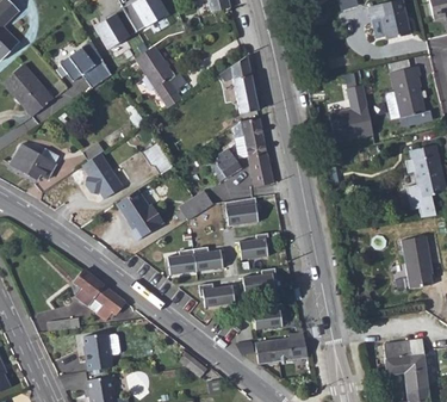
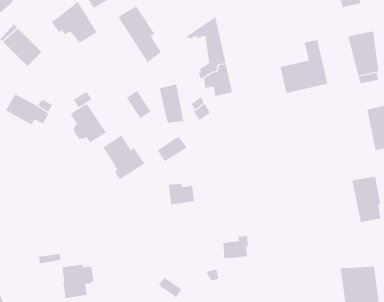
building: [244,142,273,186] -> [159,84,184,123]
building: [225,197,257,224] -> none
building: [238,231,269,259] -> none
building: [166,246,194,271] -> none
building: [242,267,277,295] -> none
building: [74,270,123,318] -> none
building: [198,280,234,304] -> none
building: [254,333,306,366] -> none

